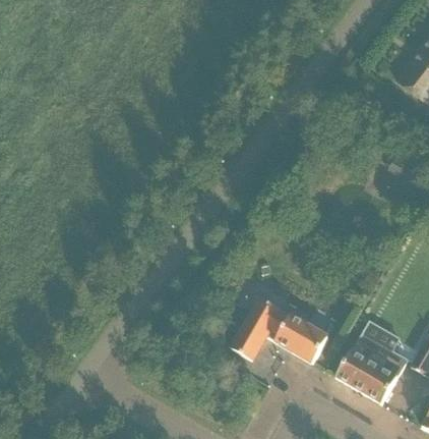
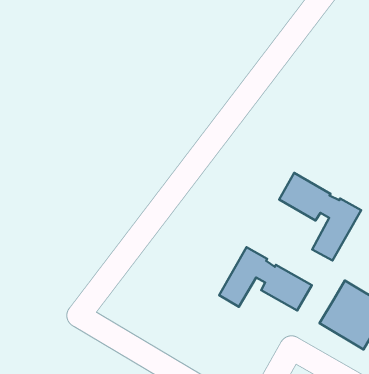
building: none -> [279,173,361,260]

